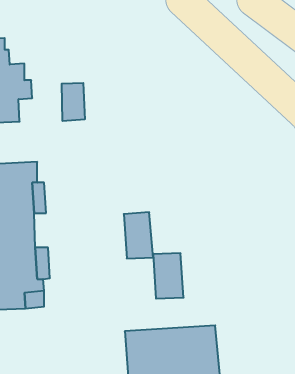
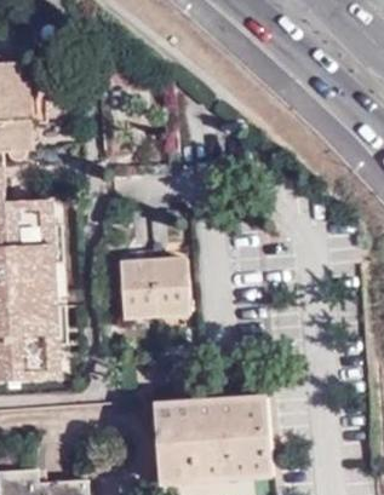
building: [62,83,85,121] -> none
building: [153,253,184,299] -> [122,264,160,320]

